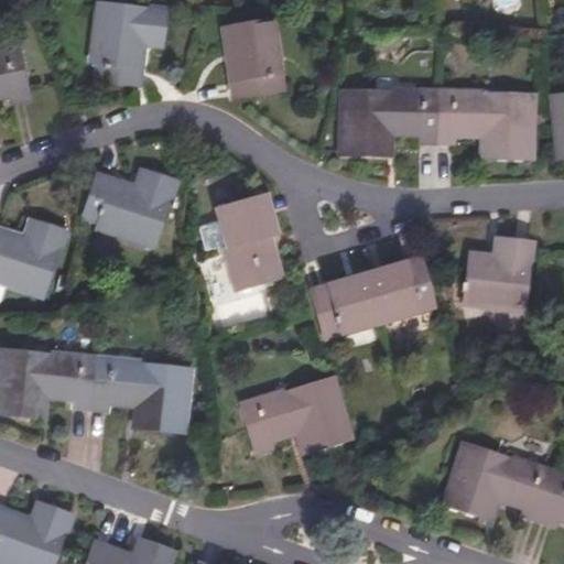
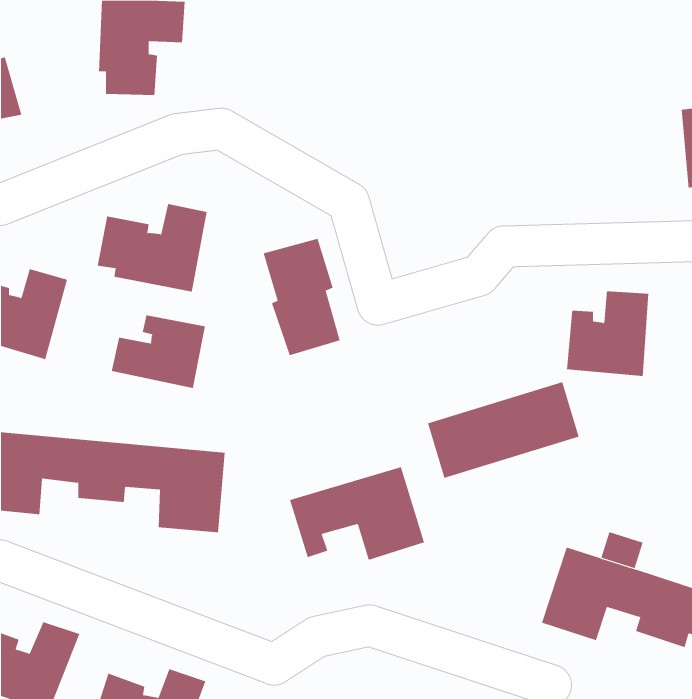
building: [221,18,279,95] -> none
building: [341,93,531,156] -> none
building: none -> [111,315,205,389]
building: [310,259,431,336] -> [427,381,580,478]

